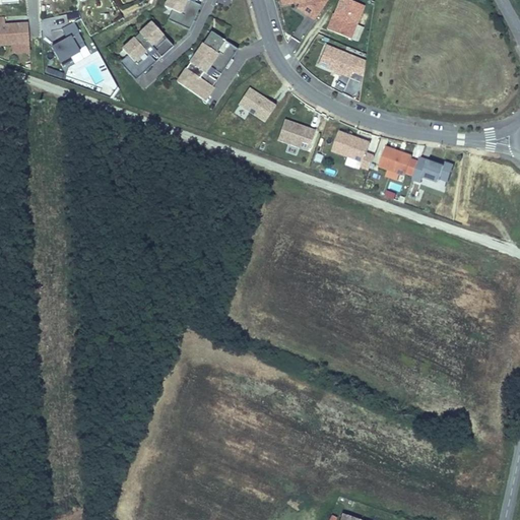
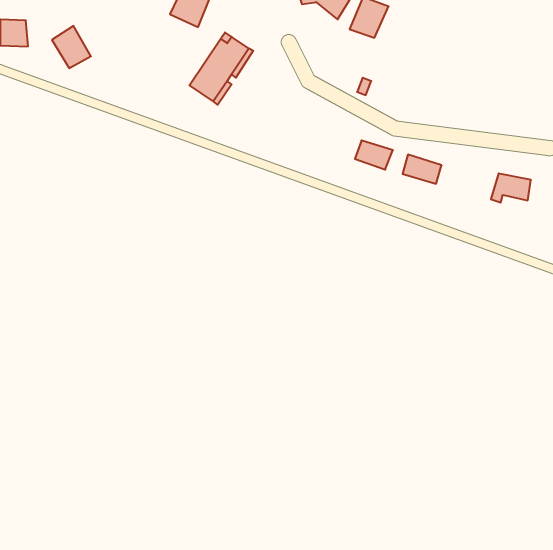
building: [119,20,172,67] -> none
building: [322,47,369,78] -> none
building: [238,88,276,123] -> none
building: [276,120,307,144] -> none
building: [413,156,451,184] -> [491,173,531,203]

